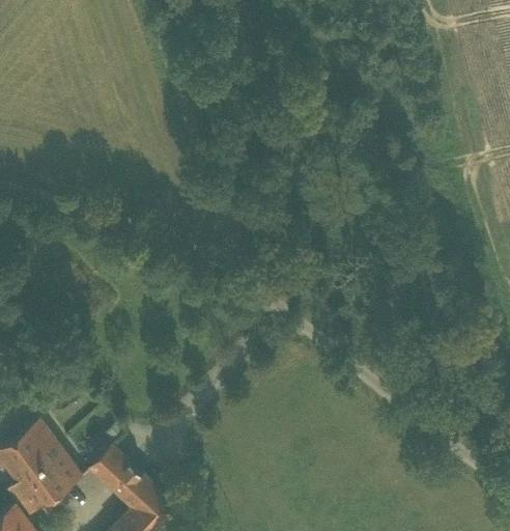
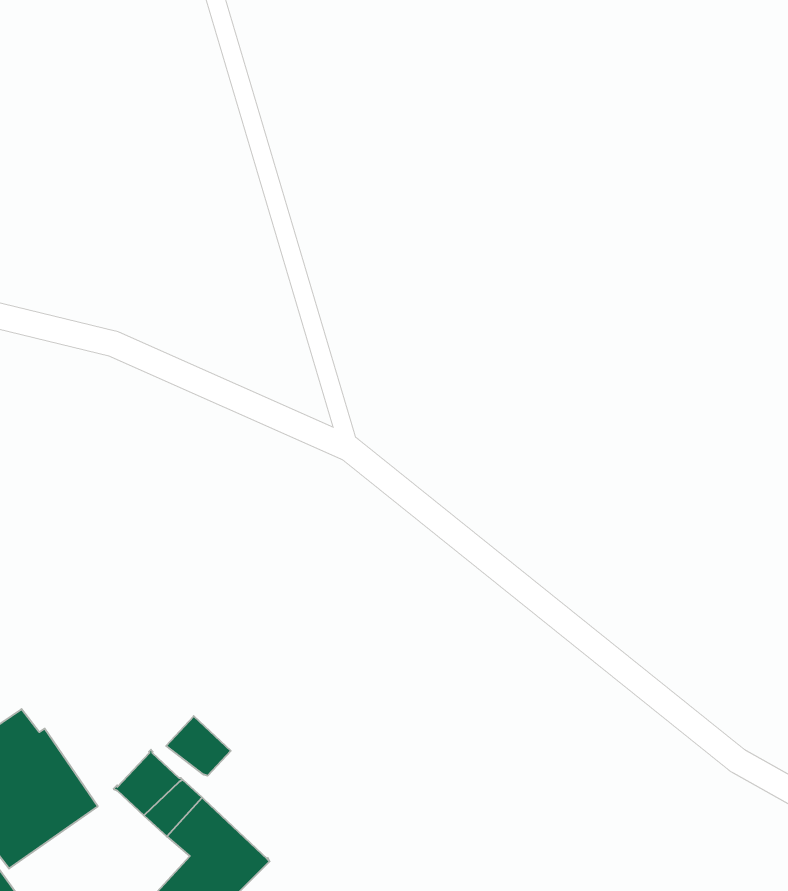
building: none -> [166,716,231,776]

